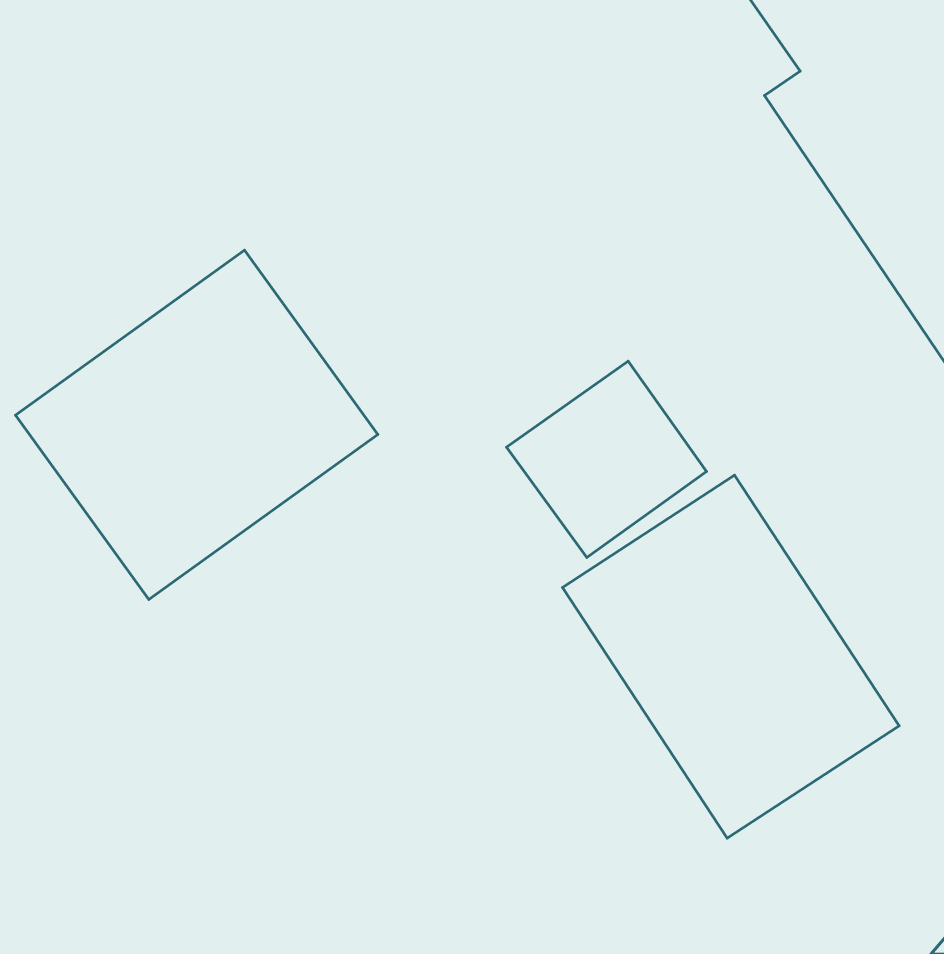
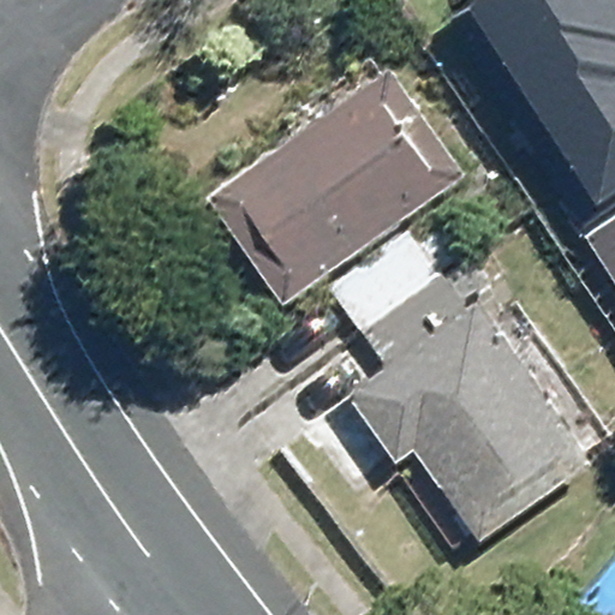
building: none -> [208,73,461,304]
building: [15,250,378,600] -> none

